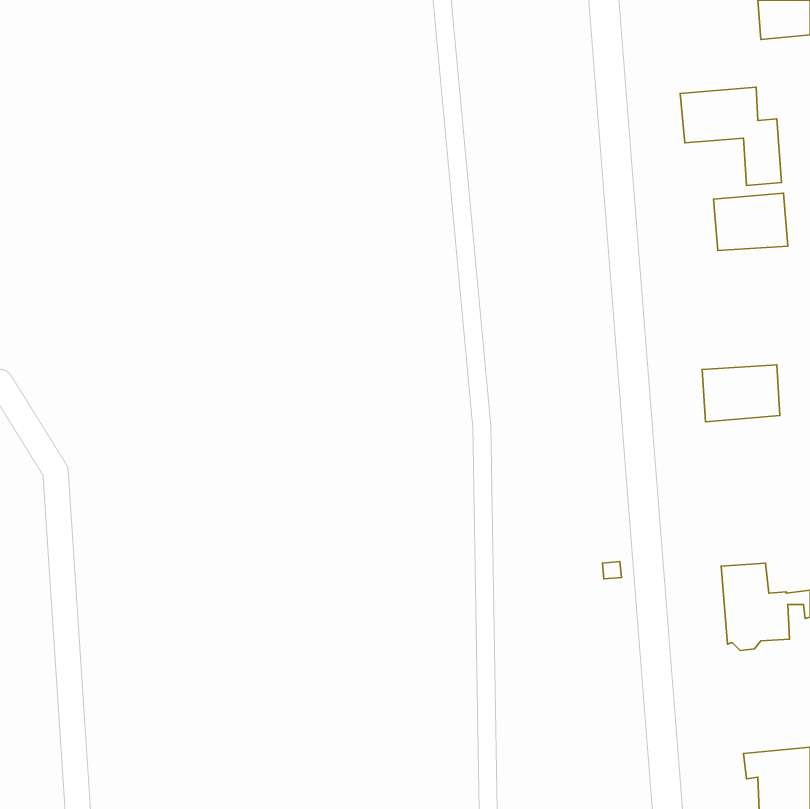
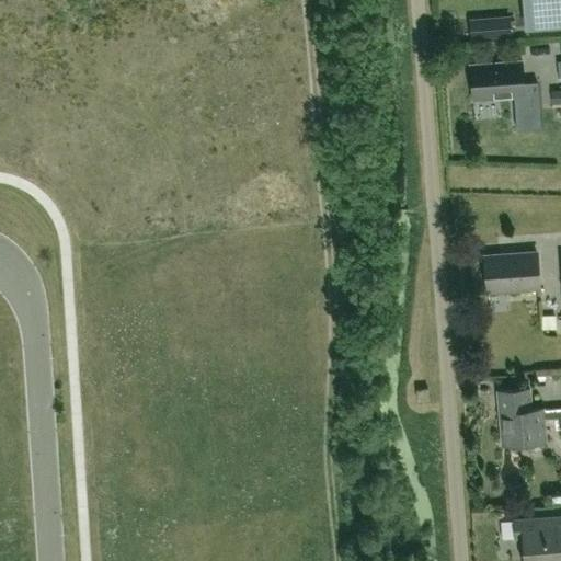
building: none -> [471,18,511,38]
building: [714,193,788,250] -> none

